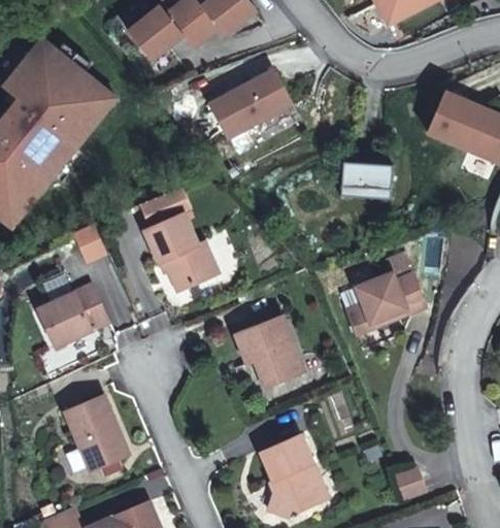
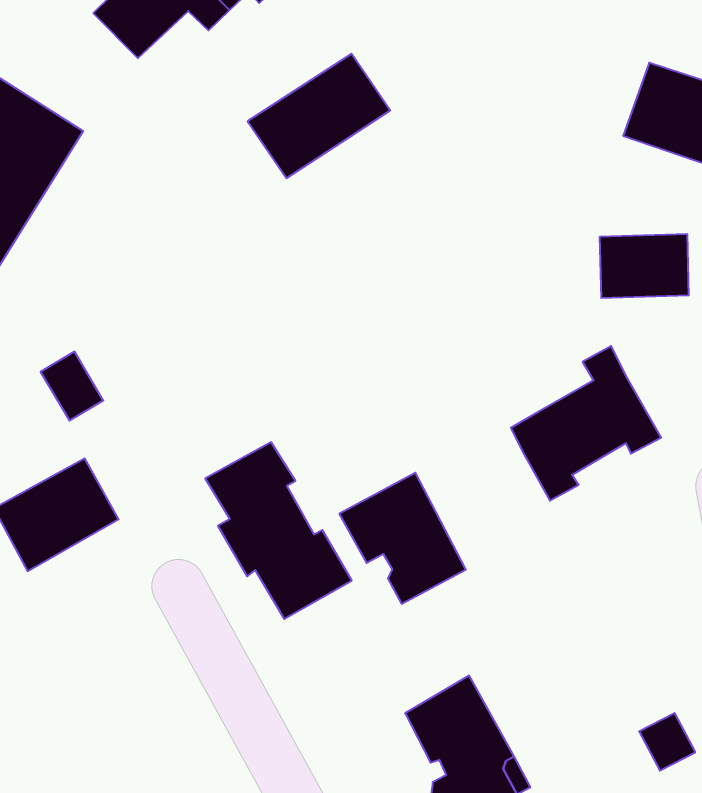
building: [339,161,393,200] -> [600,234,689,298]
building: [142,187,220,289] -> [205,442,352,619]
building: [68,396,131,471] -> none

